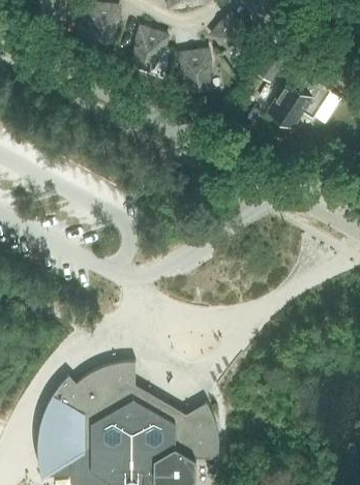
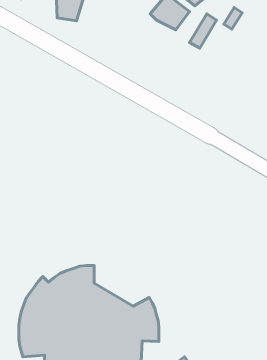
building: [130,26,170,70] -> none
building: [176,49,211,90] -> none
building: [269,68,320,127] -> none

